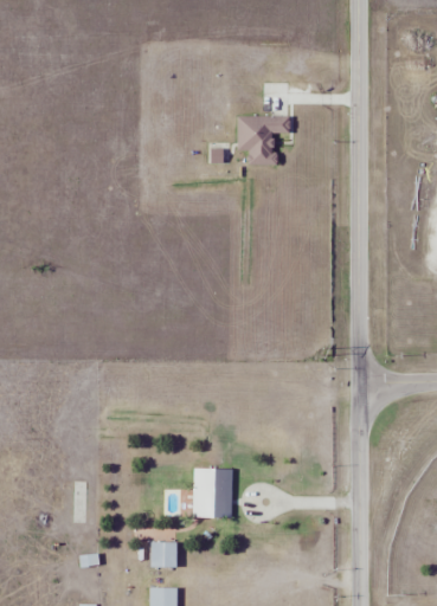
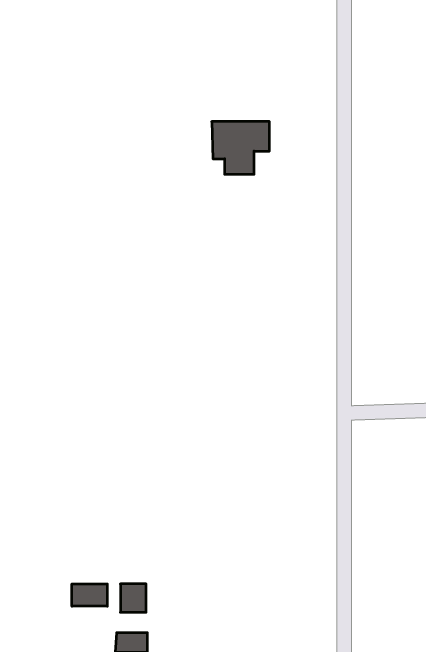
building: [194,469,232,517] -> none
building: none -> [72,584,107,606]

